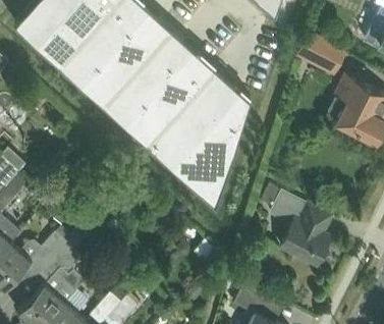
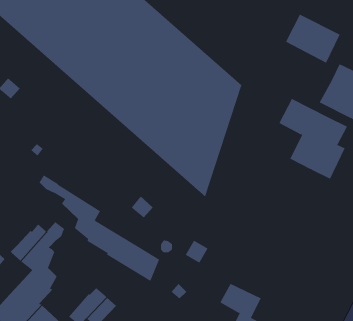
building: none -> [39,174,160,282]
building: [267,192,332,268] -> [279,98,348,179]

